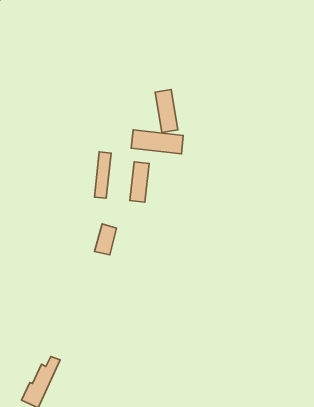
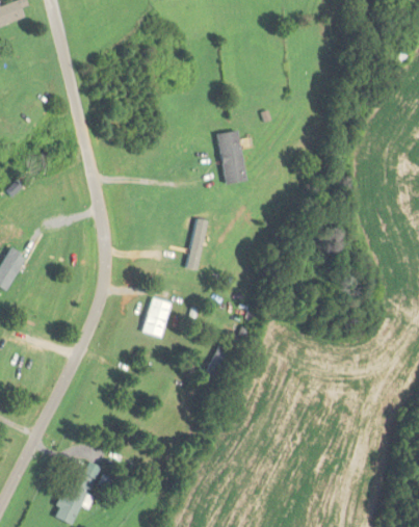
building: [131,130,183,154] -> none
building: [94,152,111,198] -> none

